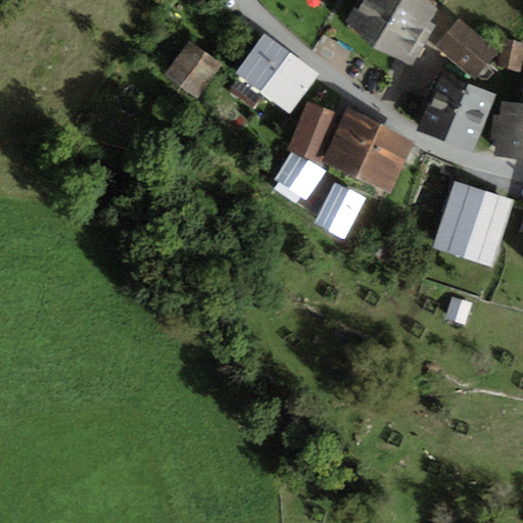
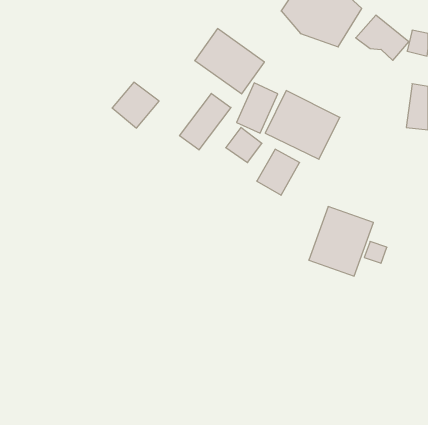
building: [164,40,222,96] -> [112,82,159,128]
building: [418,75,494,149] -> none
building: none -> [180,93,231,150]
building: [431,181,510,266] -> [309,207,373,276]

